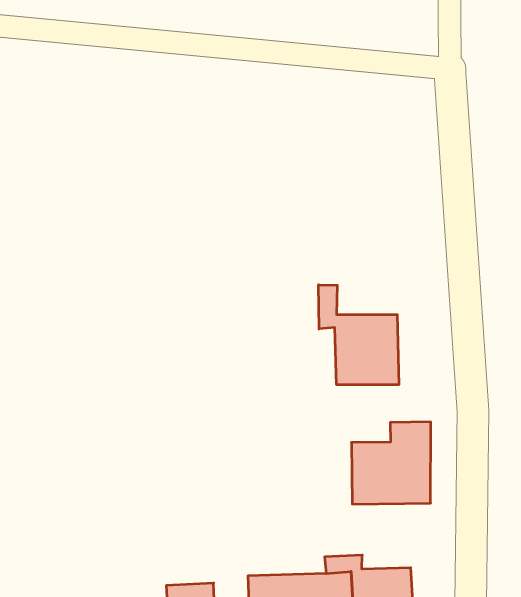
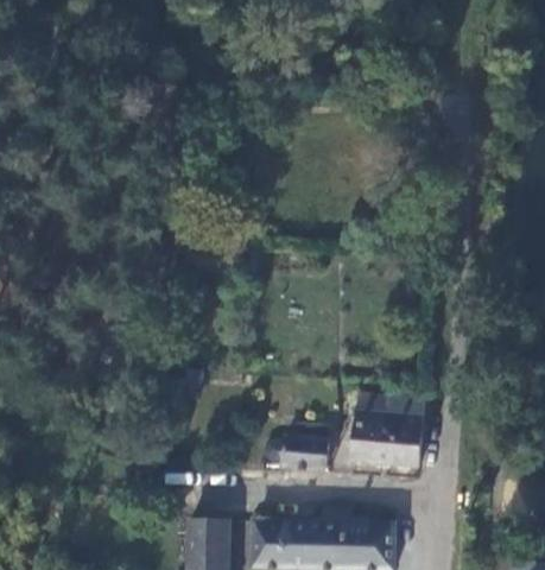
building: [319,285,399,385] -> none
building: none -> [266,439,328,471]

